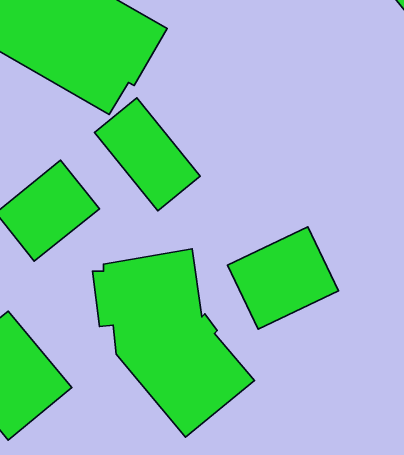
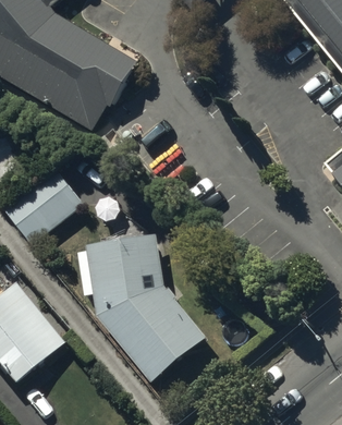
building: [95,98,200,211] -> none
building: [227,227,339,329] -> none

